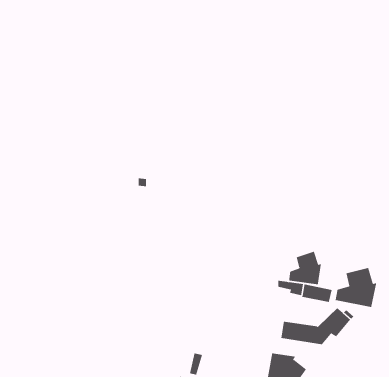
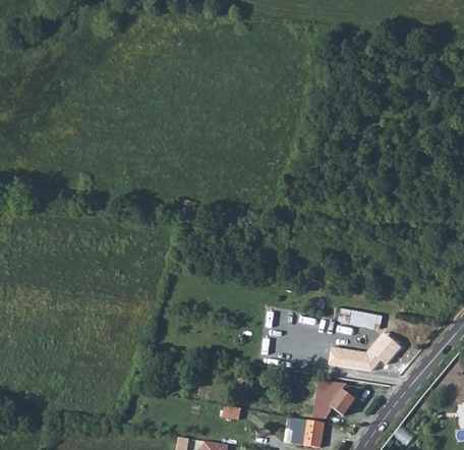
building: [288,251,322,285] -> none
building: [335,267,377,308] -> none

